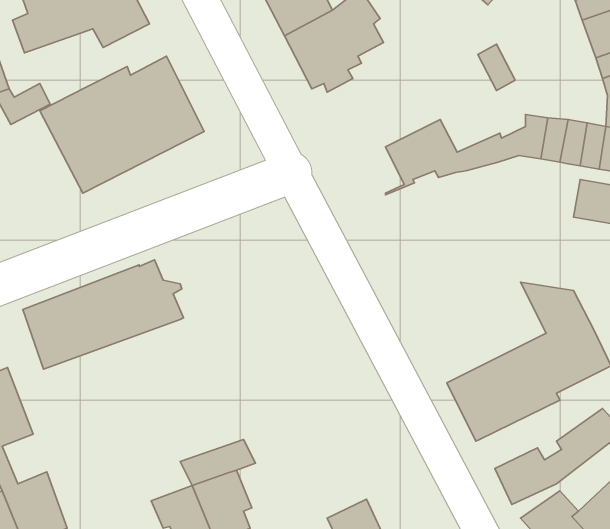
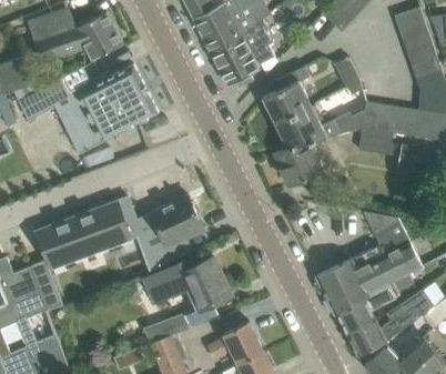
building: none -> [262,71,311,123]
building: none -> [358,129,394,155]
building: none -> [275,133,348,185]
building: none -> [116,194,204,283]
building: none -> [143,257,230,307]
building: none -> [30,260,64,311]
building: none -> [336,272,414,332]
building: none -> [206,321,263,364]

